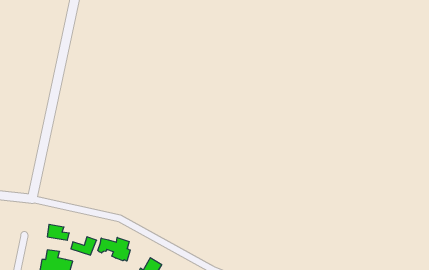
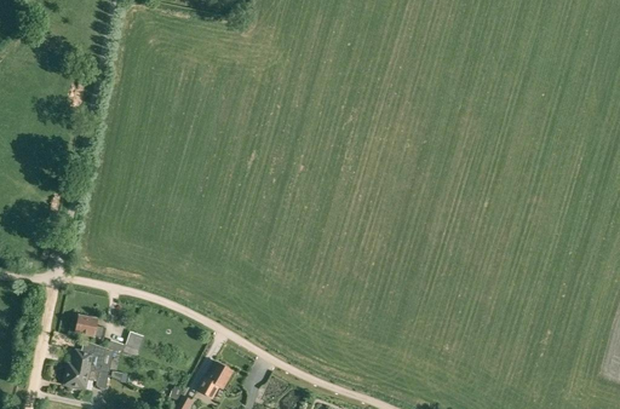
building: [98,237,130,261] -> none

